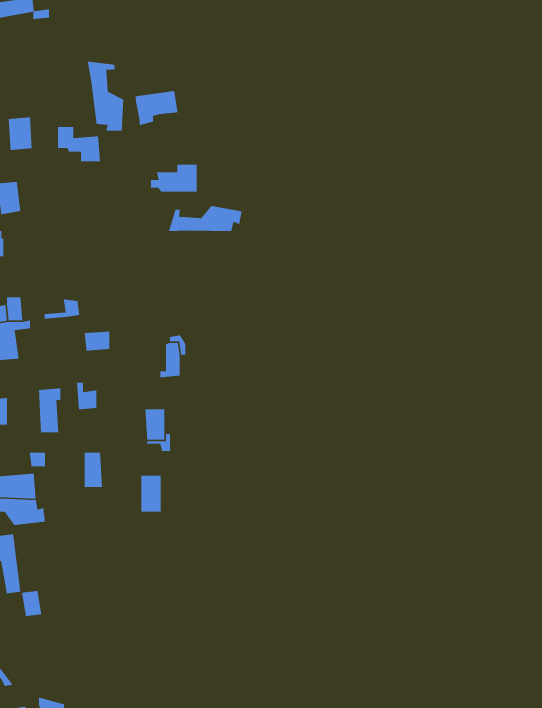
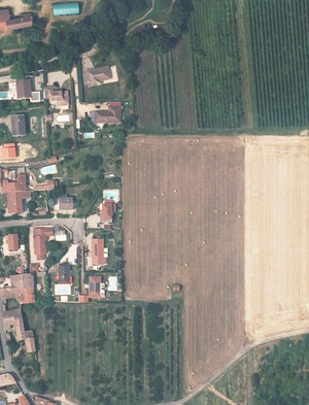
building: [87,61,124,132] -> none
building: [168,205,243,232] -> none

